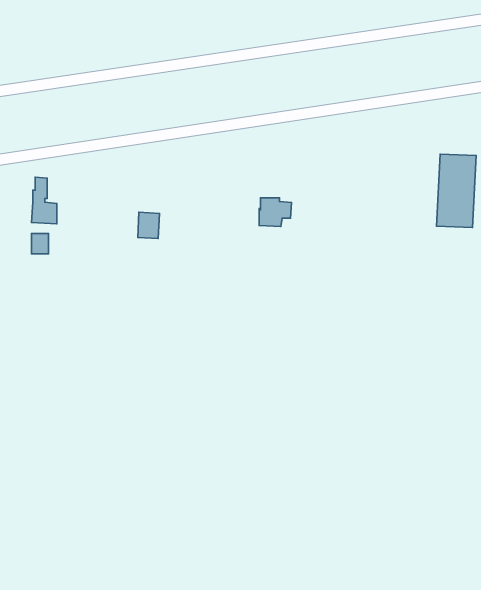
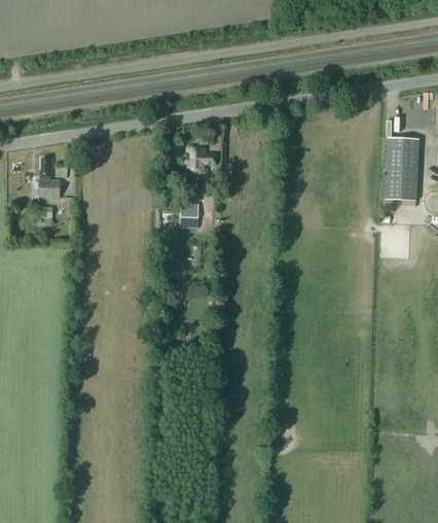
building: [259,198,292,227] -> [187,147,215,172]
building: [138,212,159,239] -> [180,204,198,226]

